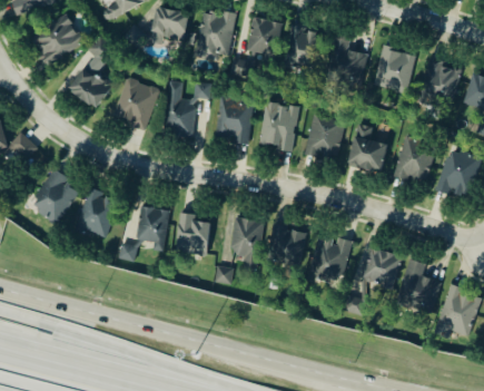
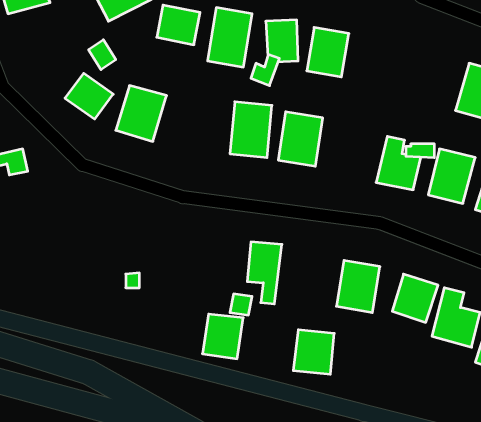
building: [32,17,83,67] -> none
building: [324,33,367,85] -> none
building: [373,46,416,92] -> none
building: [165,81,211,136] -> none
building: [305,114,345,160] -> none
building: [29,167,78,225] -> none
building: [75,188,120,240] -> none
building: [137,208,167,243] -> none
building: [175,215,211,255] -> [202,314,243,359]
building: [268,226,305,266] -> [293,330,334,374]

